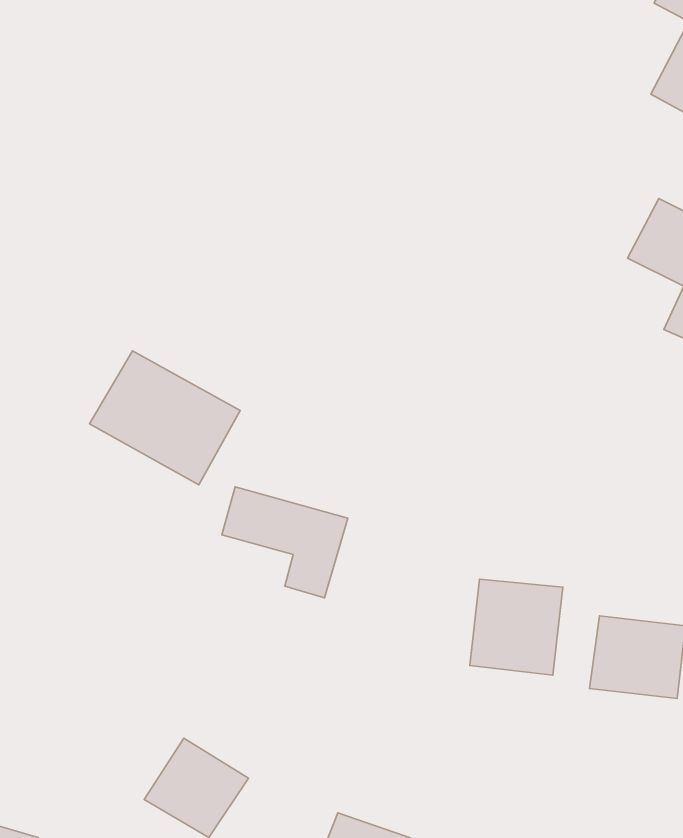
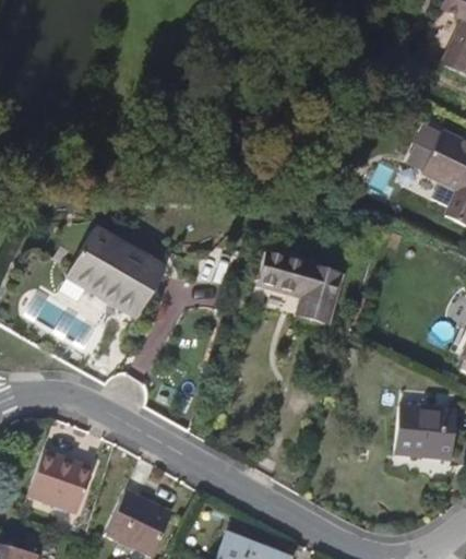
building: [222,487,348,598] -> [260,250,343,323]
building: [470,579,563,675] -> none
building: none -> [28,451,95,515]

